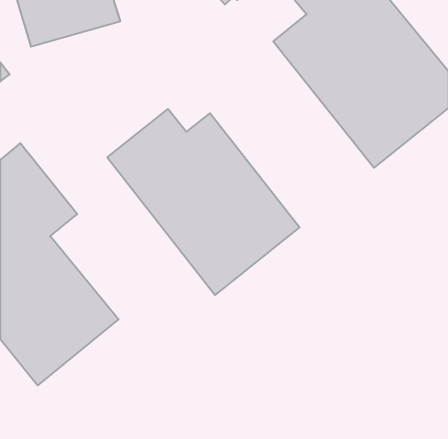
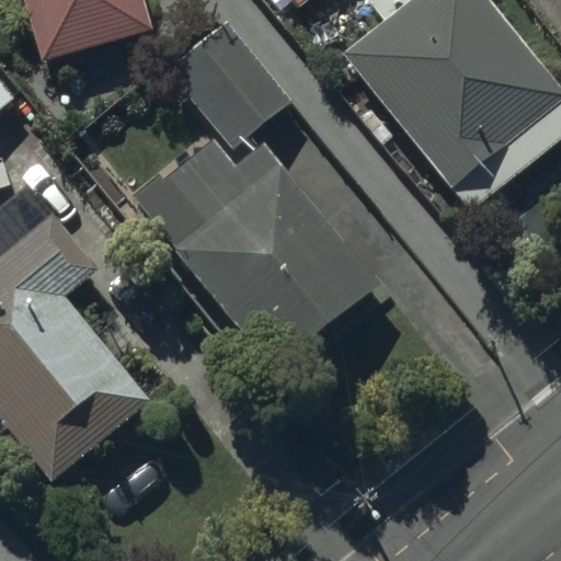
building: none -> [165,18,291,146]

